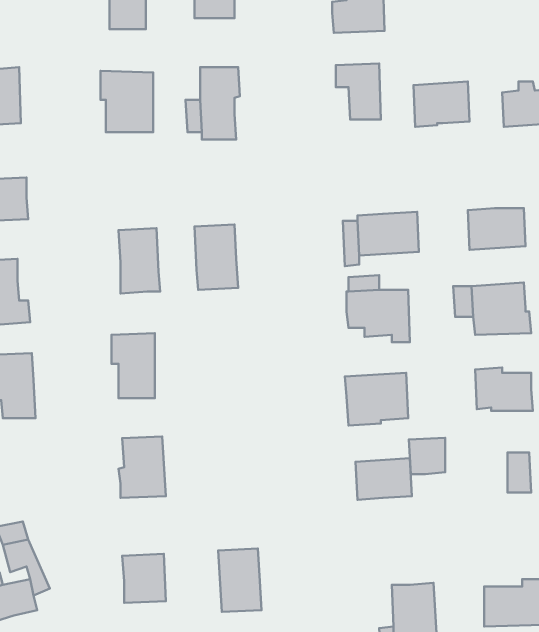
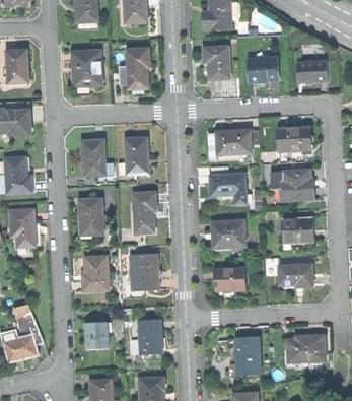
building: none -> [135,192,158,233]
building: none -> [131,254,159,290]
building: [409,438,445,474] -> [280,265,300,285]

